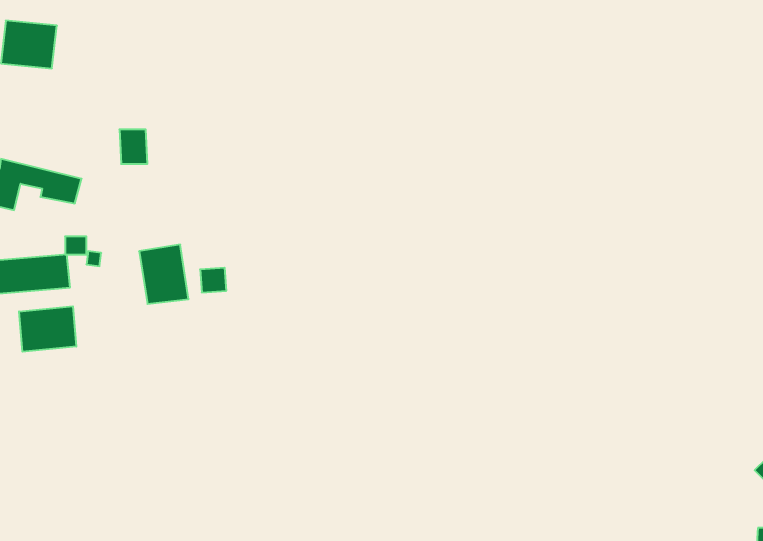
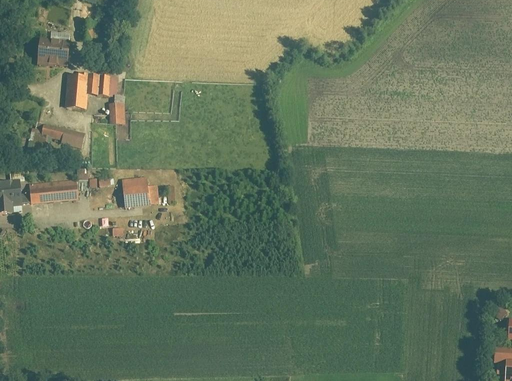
building: none -> [63,72,118,109]
building: [19,306,76,352] -> none

